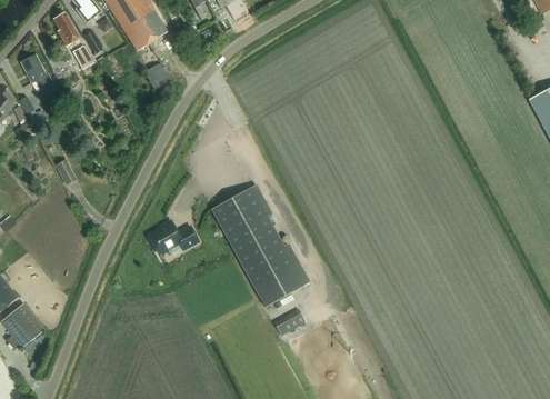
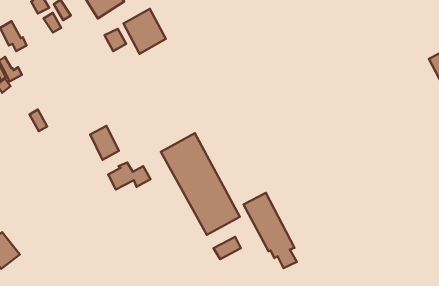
building: none -> [124,9,166,54]
building: none -> [90,126,119,160]
building: none -> [244,193,297,268]

